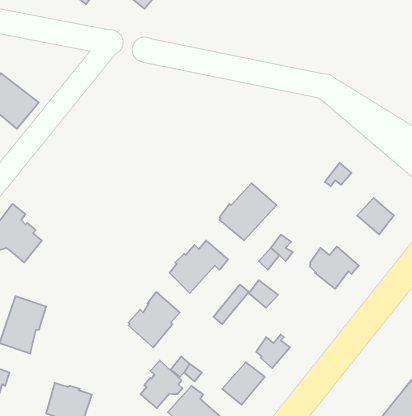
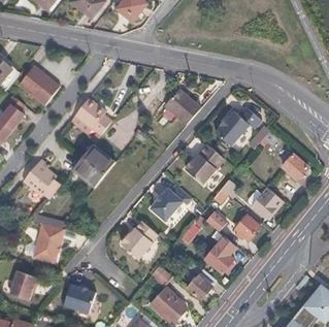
building: none -> [164,90,200,125]
building: none -> [73,99,109,135]
building: none -> [216,107,262,145]
building: none -> [72,144,113,186]
building: none -> [234,214,261,240]
building: [141,360,183,408] -> none

